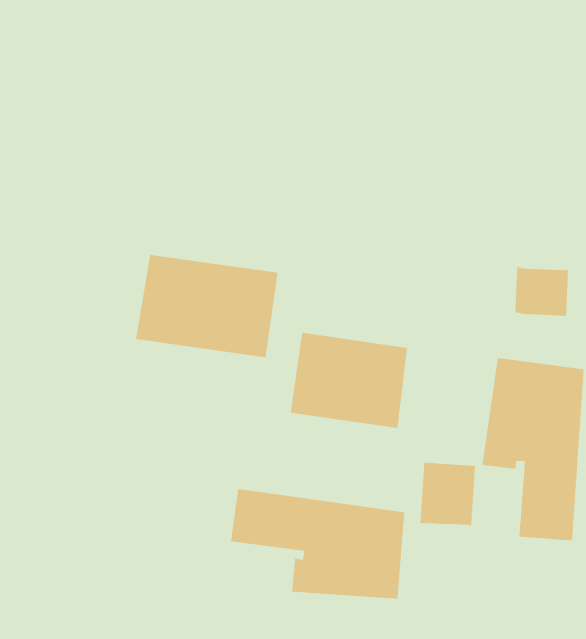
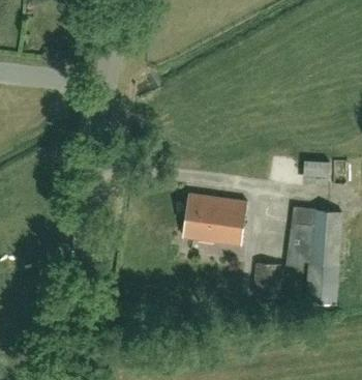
building: [135,254,278,358] -> none
building: [230,488,405,599] -> none

